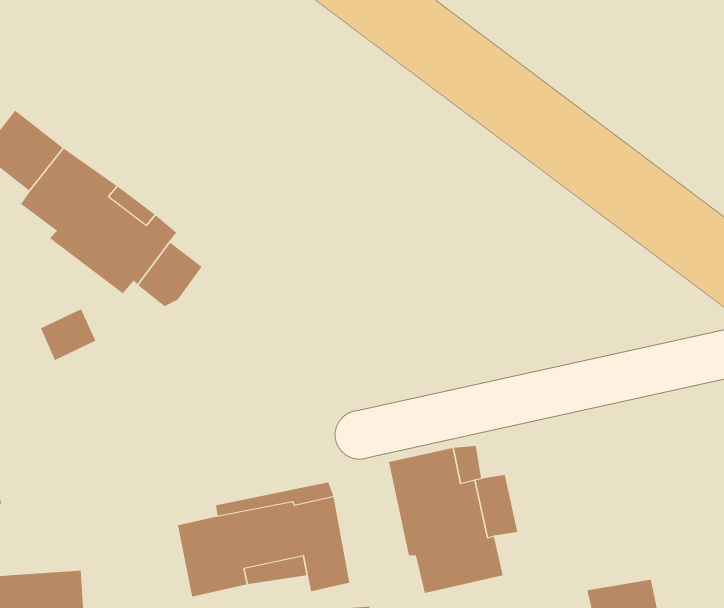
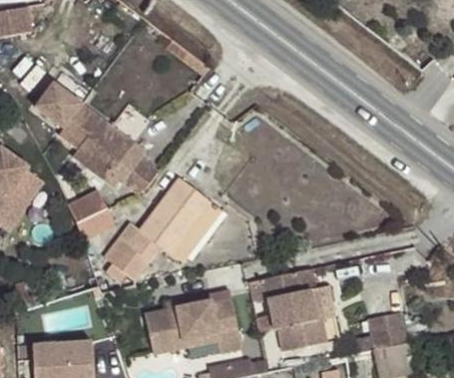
building: none -> [104,177,225,283]
building: none -> [366,314,408,350]

